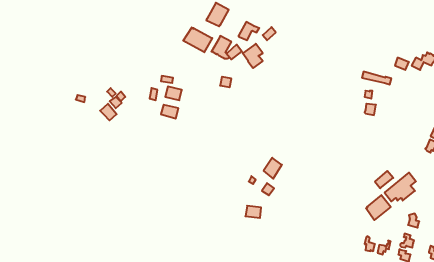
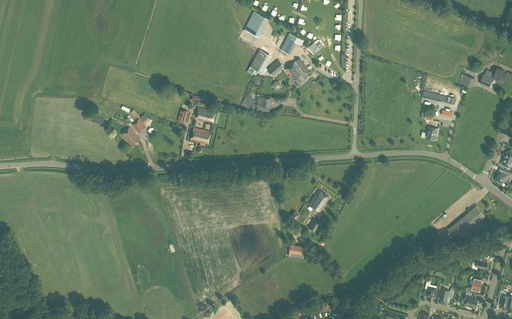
building: [183,27,212,52] -> none
building: [366,195,391,220] -> none

